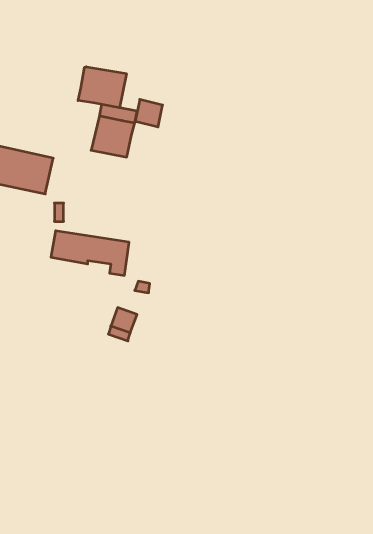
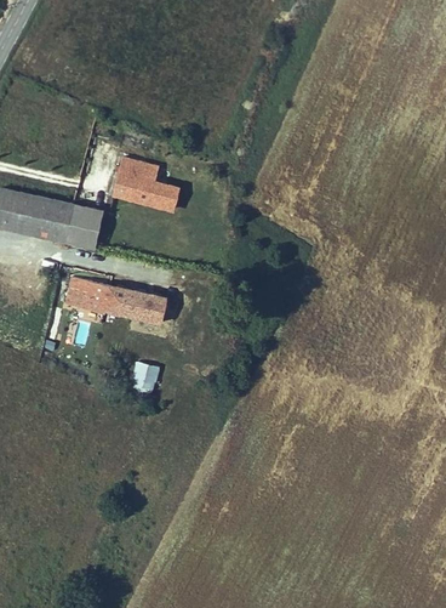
building: [78,67,126,108] -> none
building: [135,99,163,127] -> [149,180,178,209]
building: none -> [63,204,102,249]

